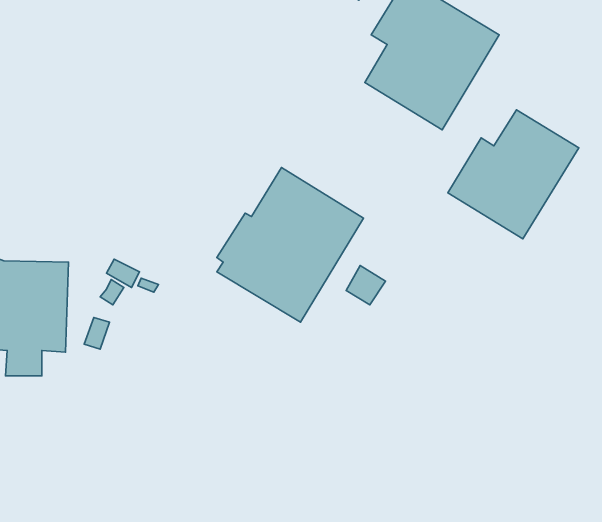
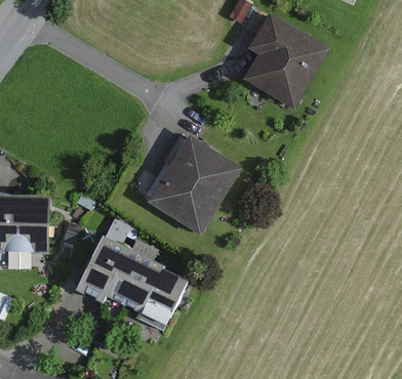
building: [448,110,579,239] -> none
building: none -> [75,218,187,329]

